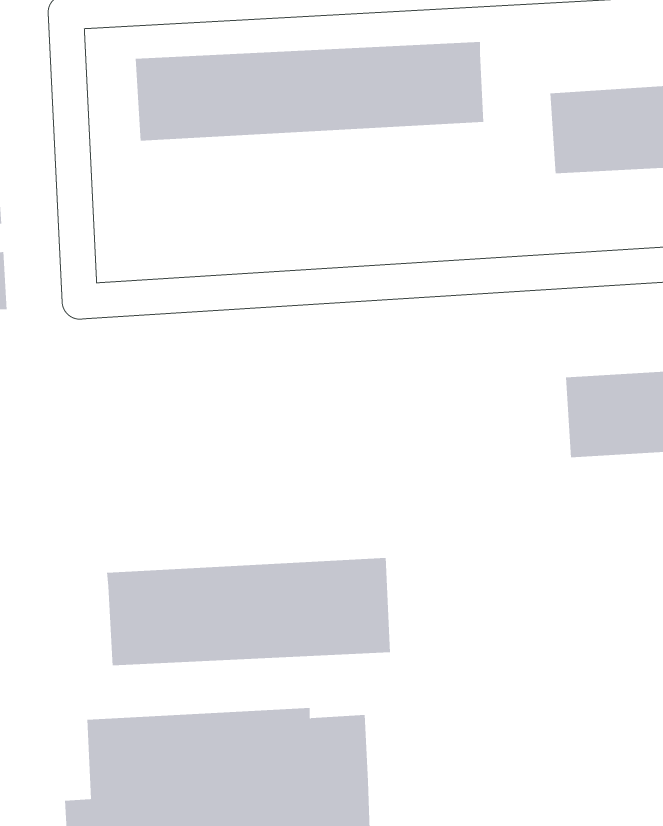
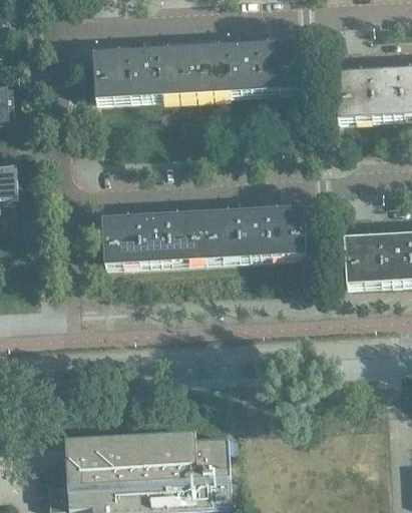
building: none -> [102,205,307,264]
building: [107,557,391,666] -> none

